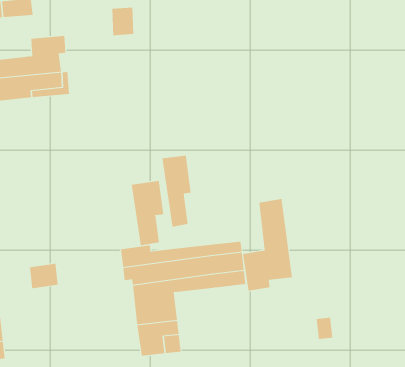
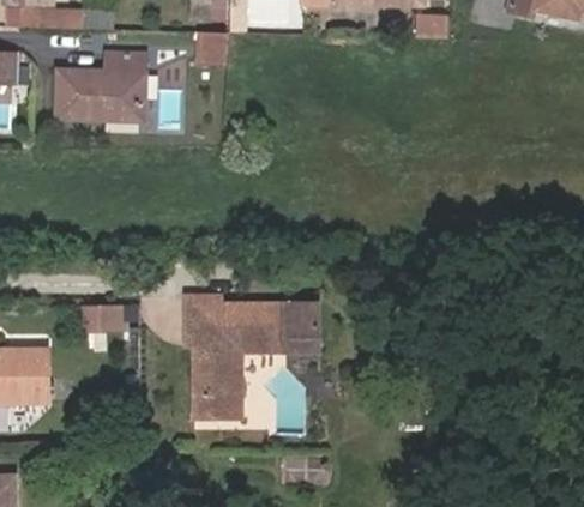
building: [162,155,191,228] -> none
building: [131,180,164,246] -> none
building: [243,198,292,292] -> none

